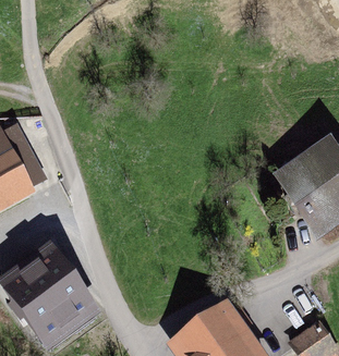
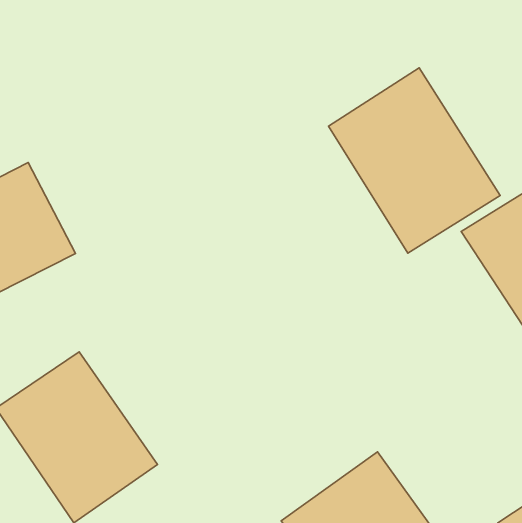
building: none -> [329,68,500,253]

